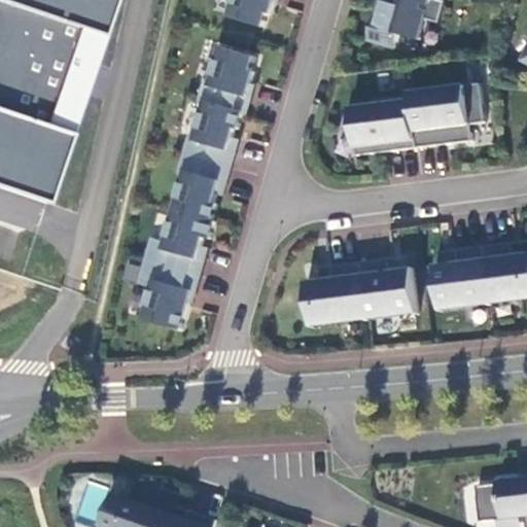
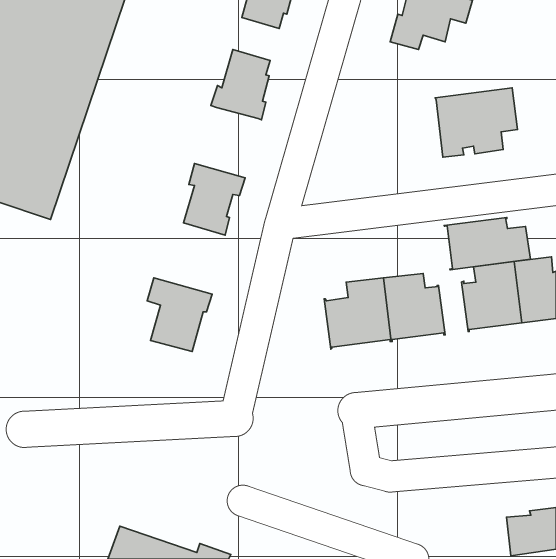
building: [341,94,415,155] -> none
building: [182,101,242,167] -> none
building: none -> [444,218,530,270]
building: [144,209,214,276] -> none

